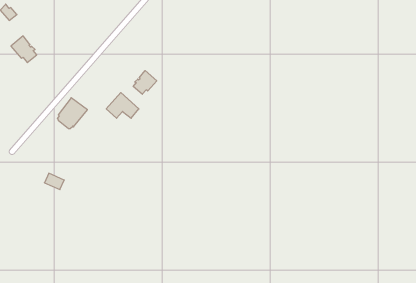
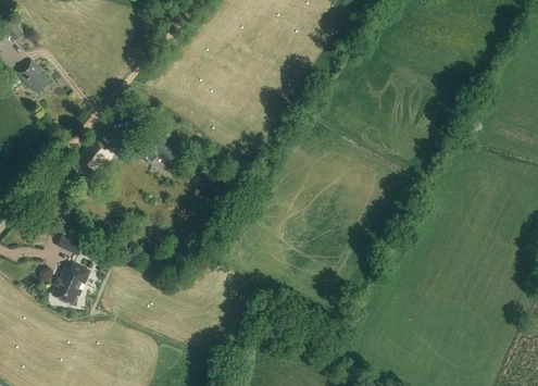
building: [133,71,157,94] -> none
building: none -> [52,264,90,306]

